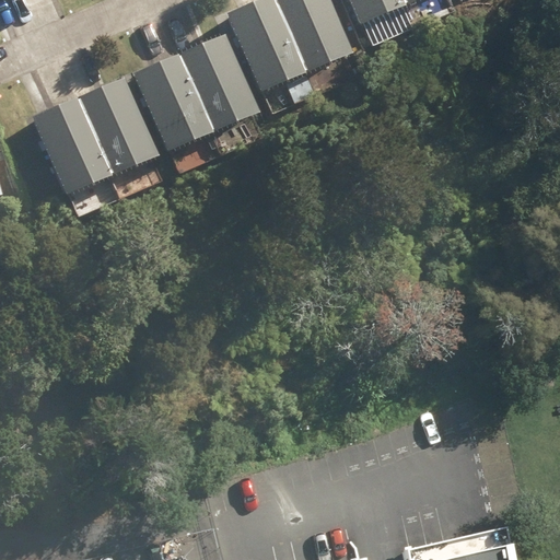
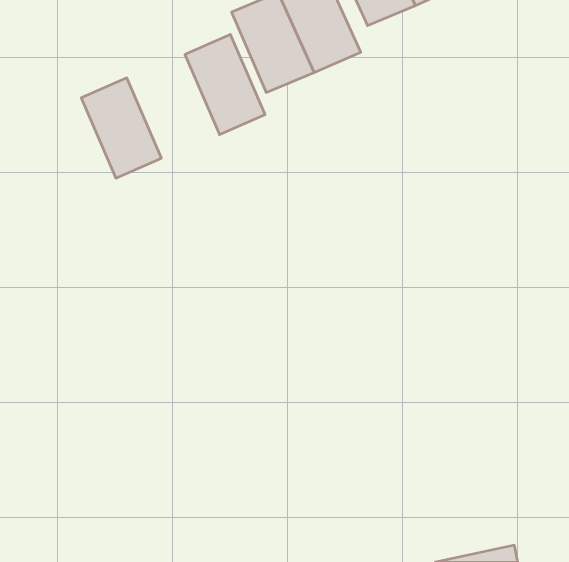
building: [133,54,215,153] -> none
building: [32,96,114,195] -> none

